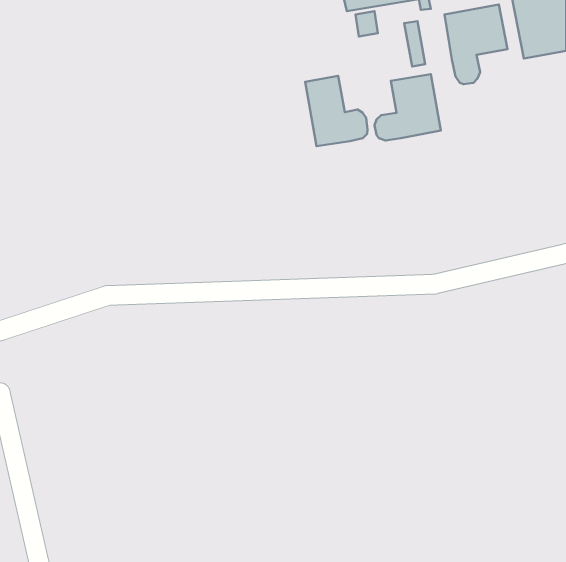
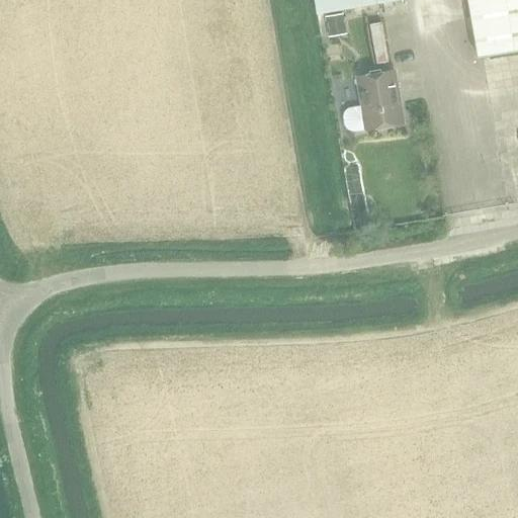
building: [444,5,507,84] -> none
building: [305,76,368,146] -> none

